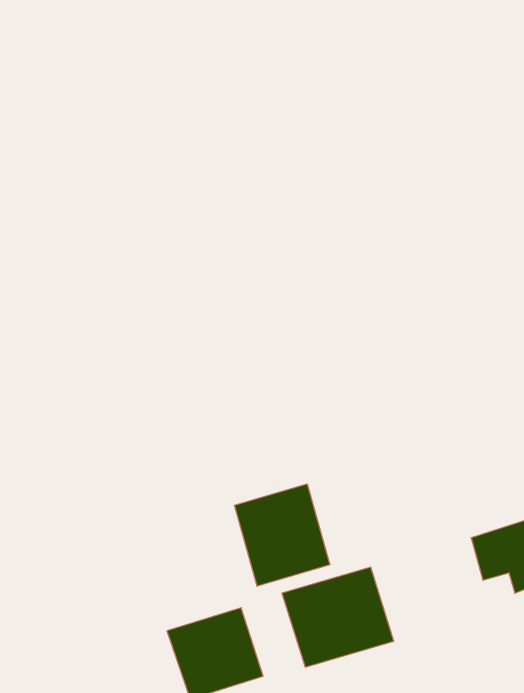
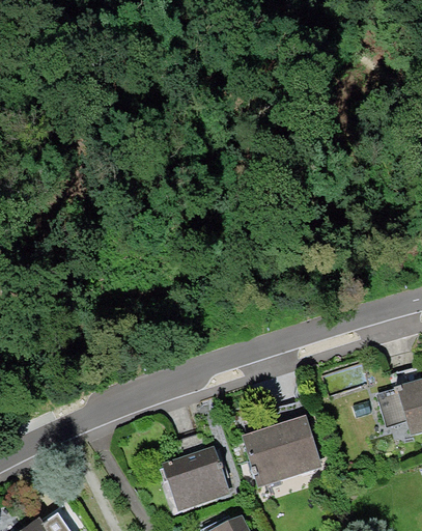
building: [234,484,330,586] -> none

